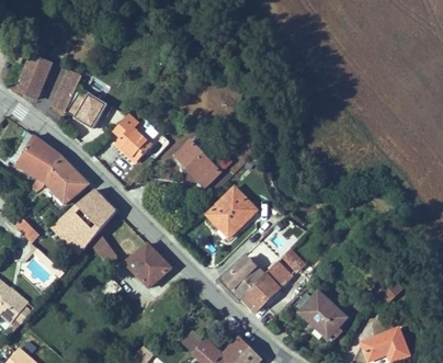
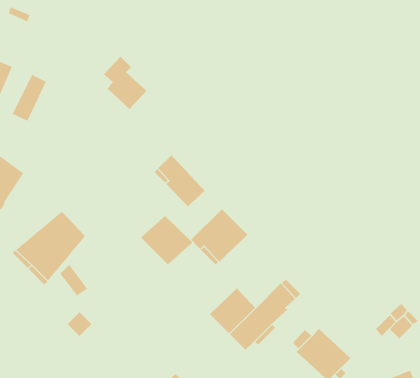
building: [67,90,106,131] -> none
building: [113,114,151,161] -> [103,56,147,110]
building: [45,157,88,204] -> none
building: [125,243,171,287] -> [140,215,193,265]

